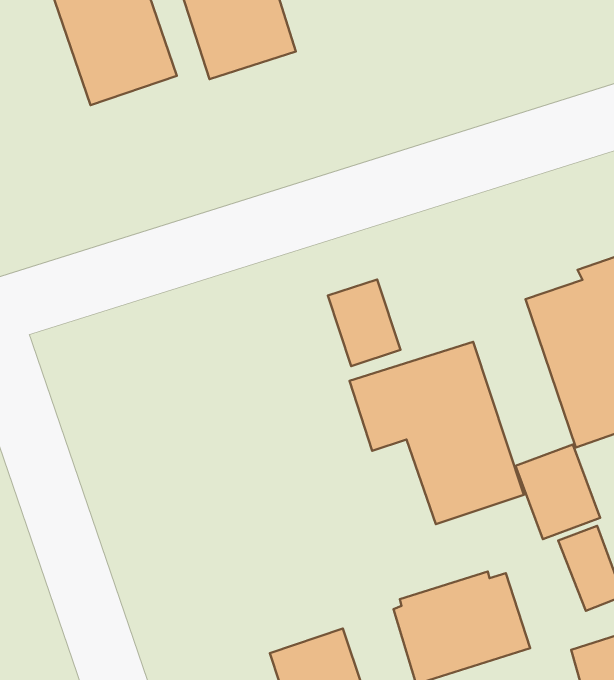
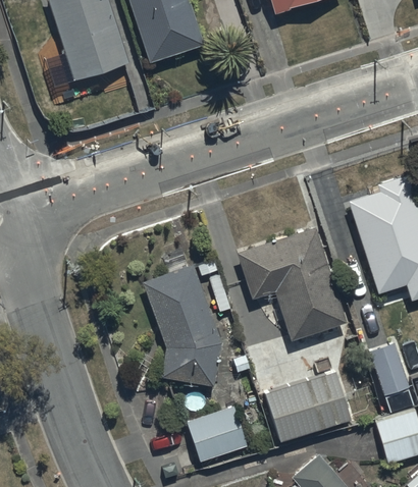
building: [328,279,400,366] -> none
building: none -> [143,266,221,387]
building: [516,445,600,539] -> none

